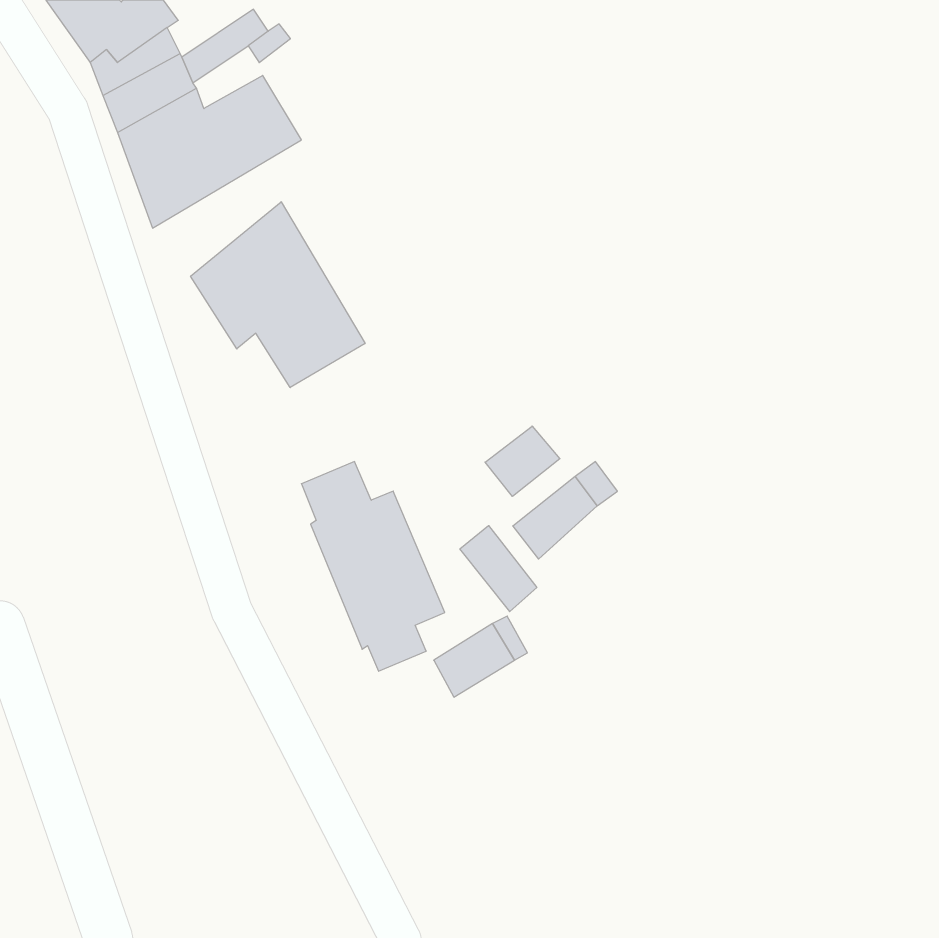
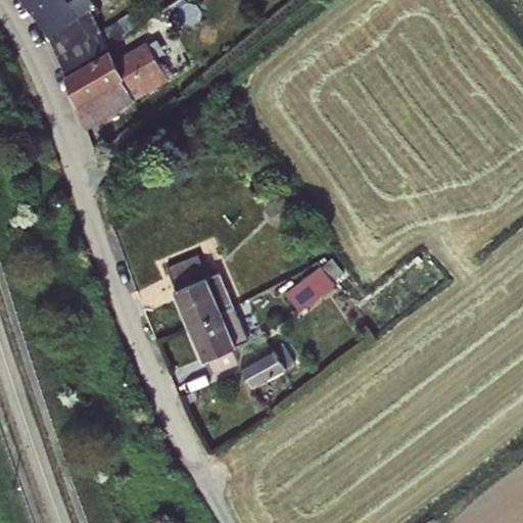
building: [191,202,365,388] -> none
building: [485,426,560,496] -> none
building: [460,526,537,612] -> none

